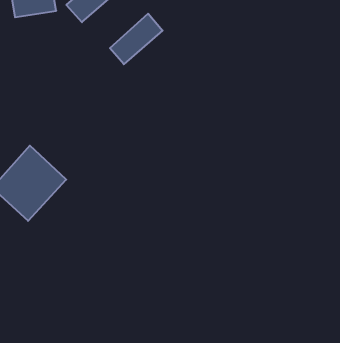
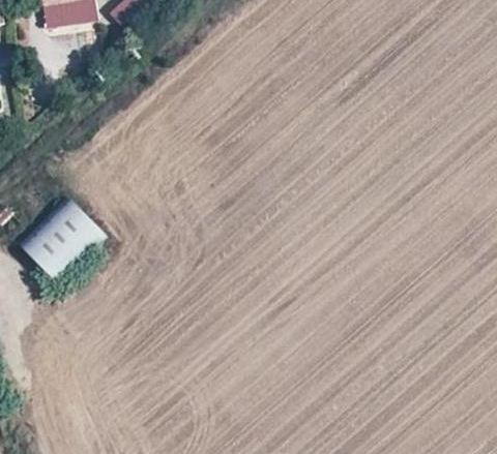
building: [110,14,163,64] -> none

